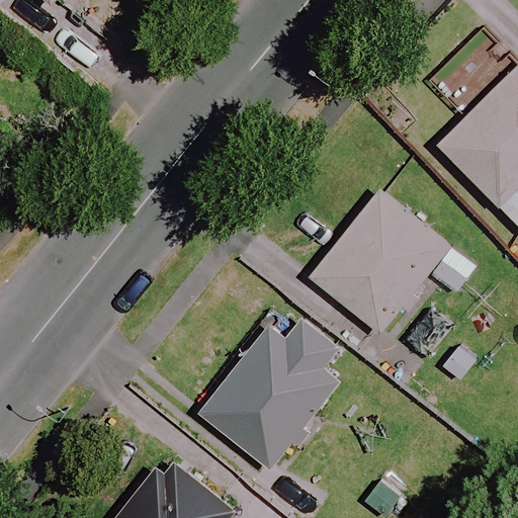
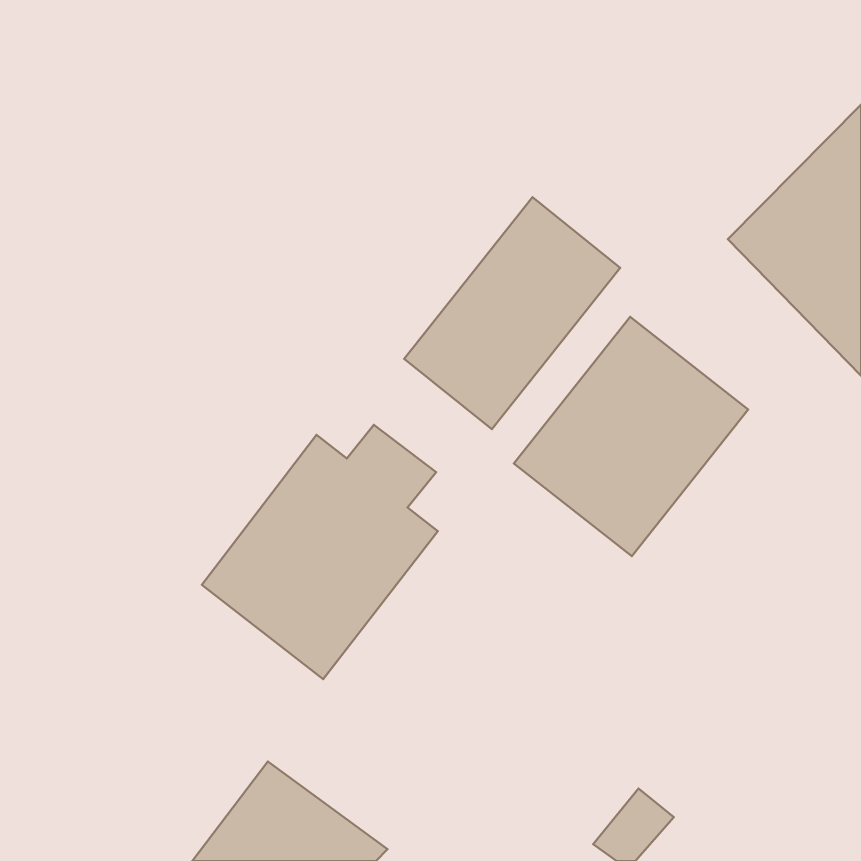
building: none -> [404,197,620,429]
building: [198,318,340,470] -> [202,425,438,679]

